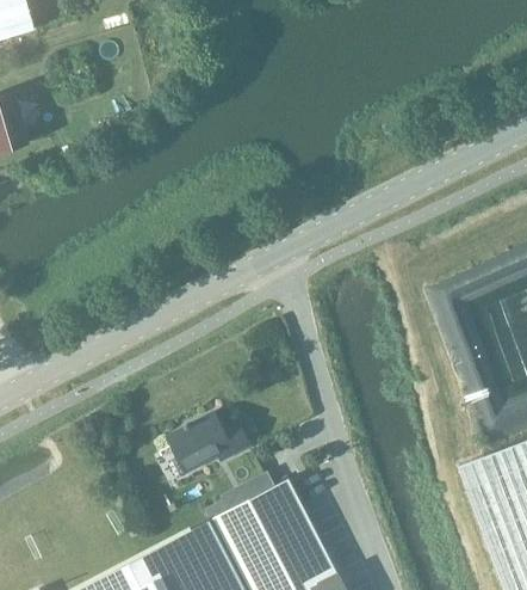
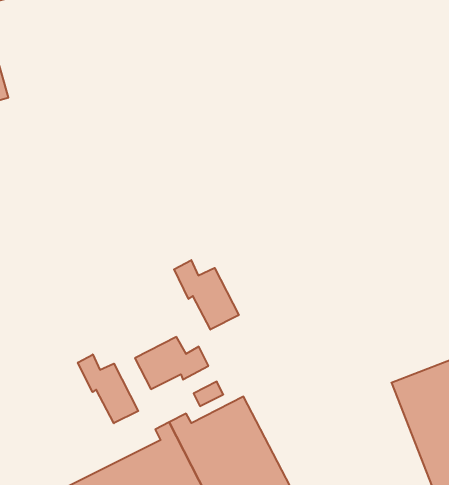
building: none -> [174,260,239,330]
building: none -> [78,354,138,423]

